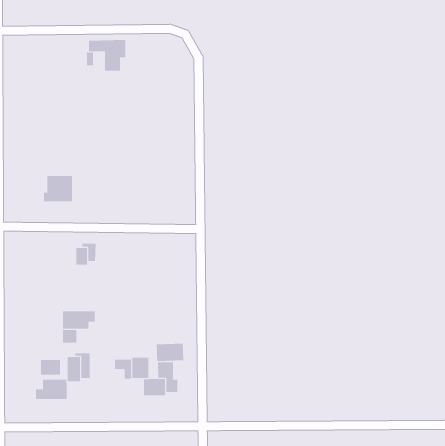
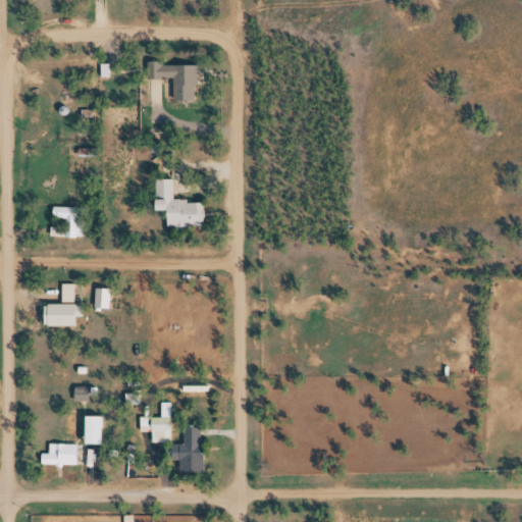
building: [88,40,126,71] -> [155,64,199,101]
building: none -> [155,178,211,226]
building: [62,311,95,329] -> [46,303,85,324]
building: [156,343,184,362] -> none
building: [41,359,61,375] -> none

